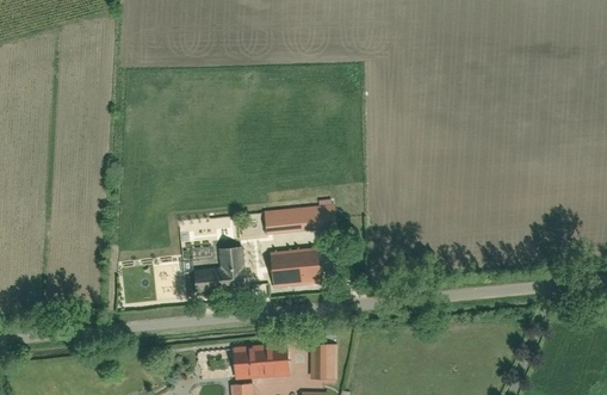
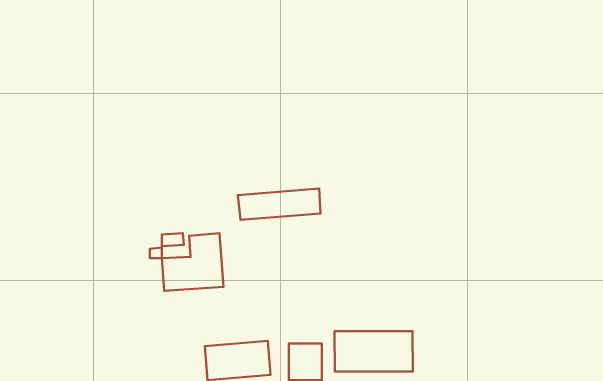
building: [267,249,322,286] -> none
building: none -> [334,331,413,371]

